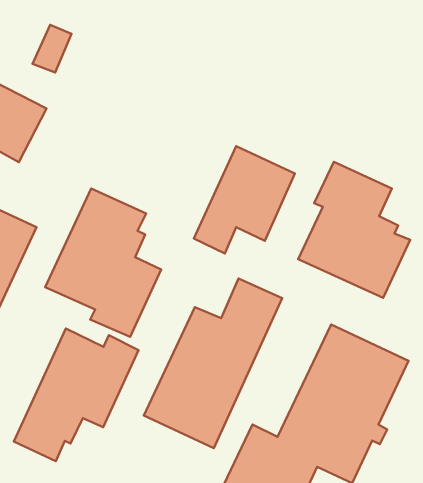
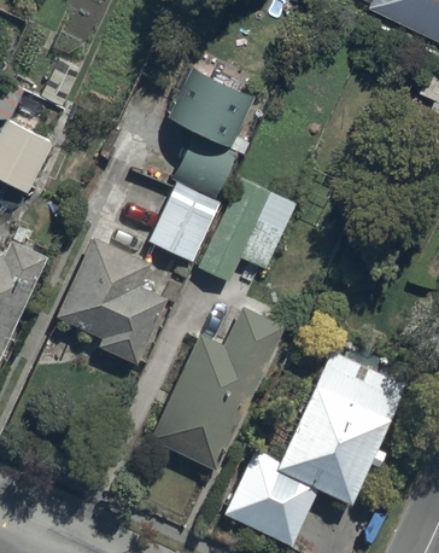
building: none -> [148,69,254,262]
building: [298,162,410,298] -> none
building: [14,329,139,461] -> none

